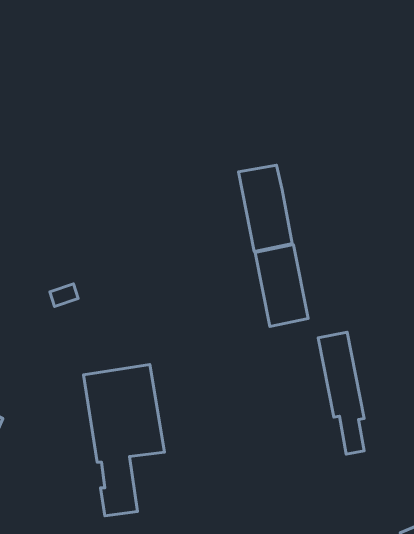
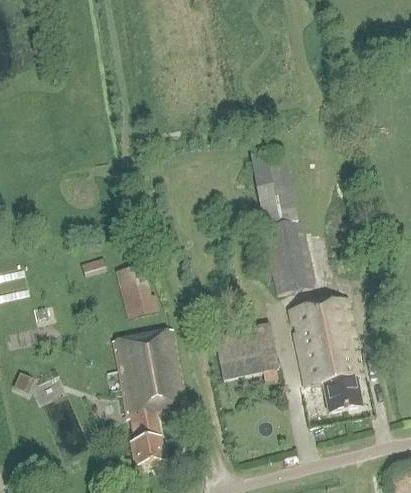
building: none -> [116,263,160,318]
building: none -> [292,304,346,411]
building: none -> [215,323,280,381]

